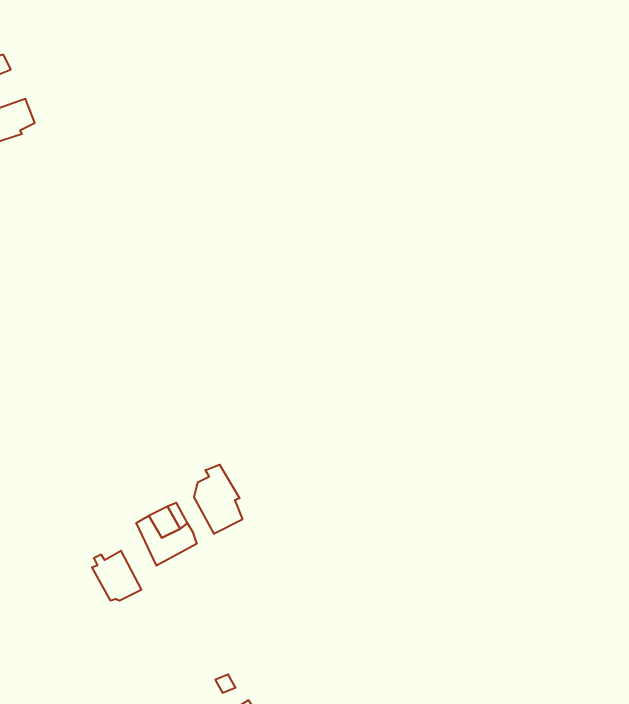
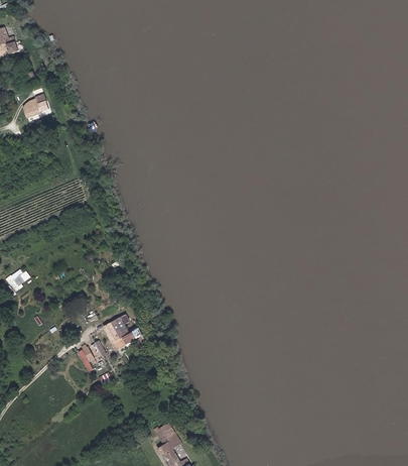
building: [194,465,242,534] -> none

